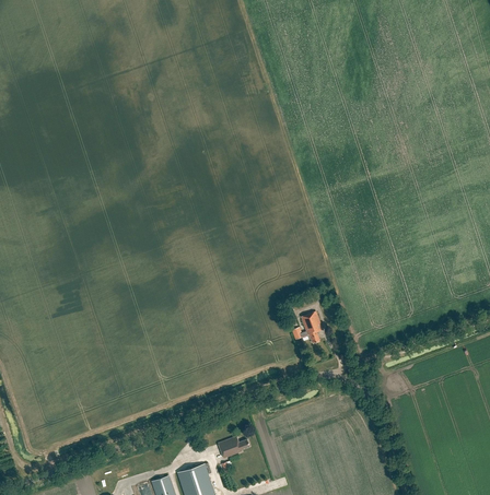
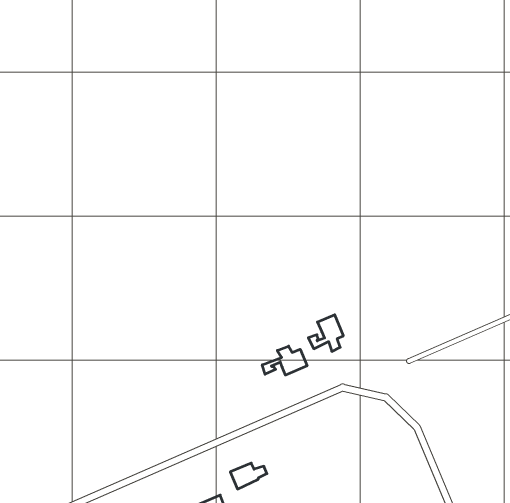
building: none -> [262,346,307,375]

